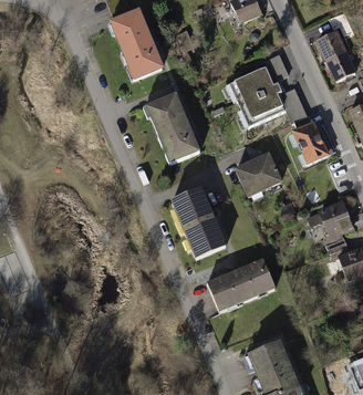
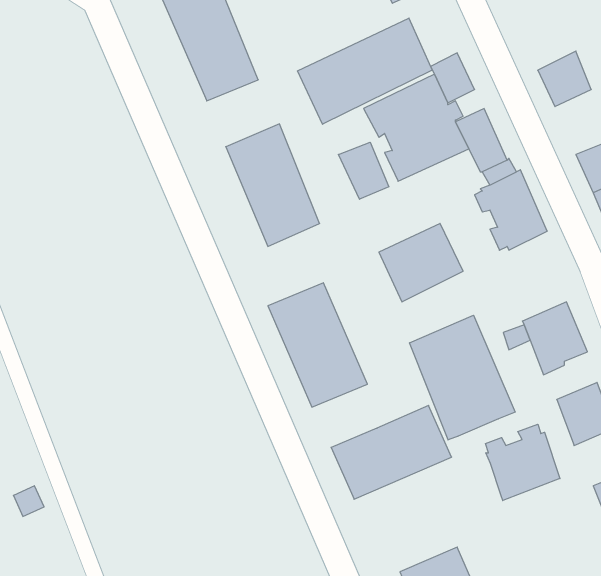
building: [315,31,348,63] -> none
building: none -> [298,18,432,124]
building: none -> [338,142,389,199]
building: none -> [410,315,515,440]
building: none -> [485,424,560,501]

